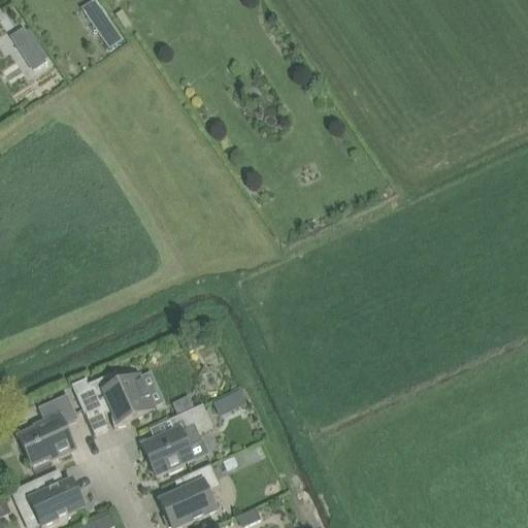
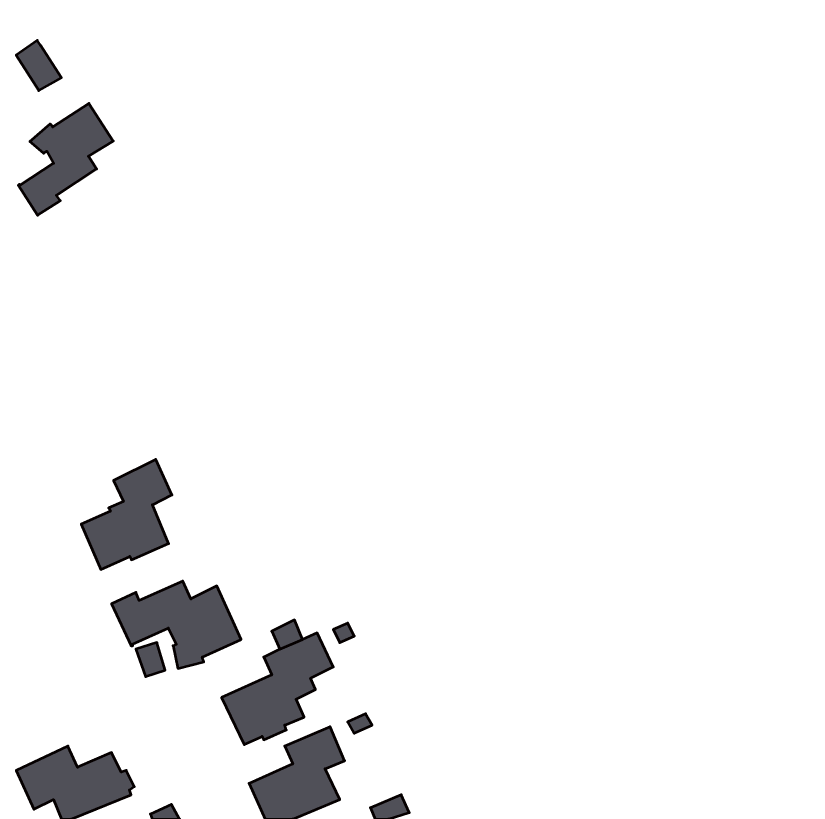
building: [87,4,123,47] -> none
building: none -> [18,103,113,215]
building: [19,394,76,464] -> [81,459,172,569]

